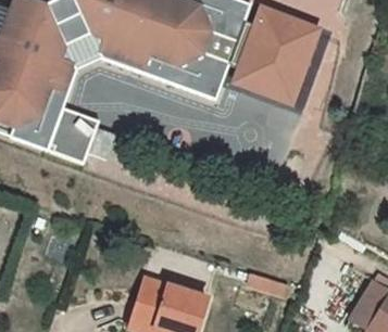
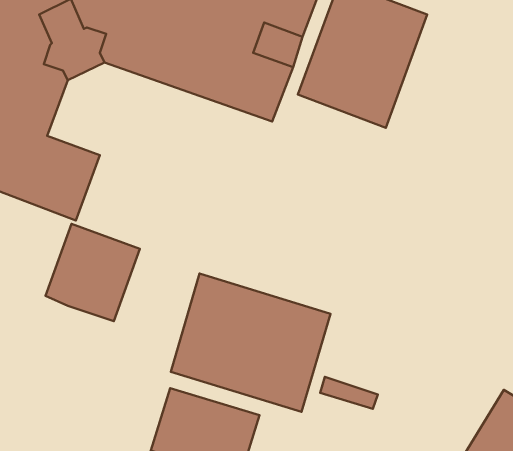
building: none -> [45,224,140,321]
building: none -> [171,274,330,412]

